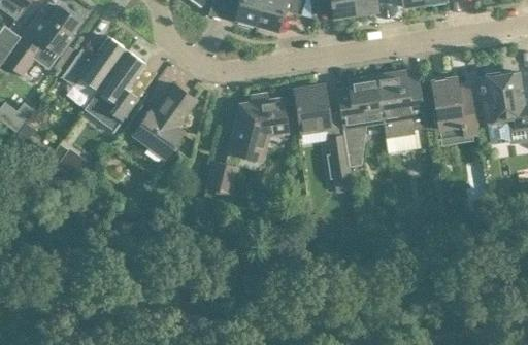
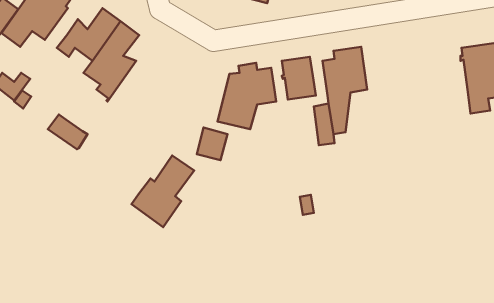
building: [377,71,426,137] -> none
building: [431,76,477,139] -> none
building: [132,84,197,159] -> [132,156,194,227]

